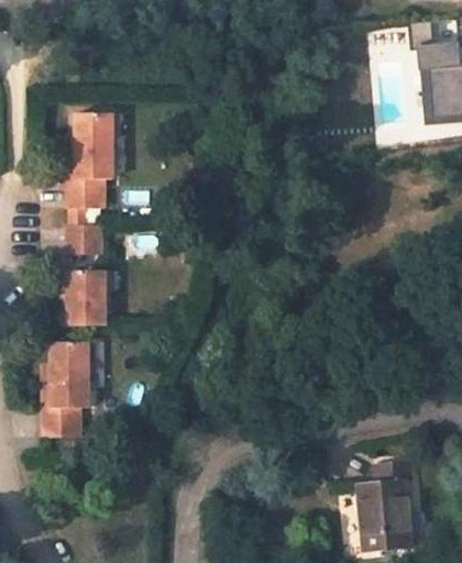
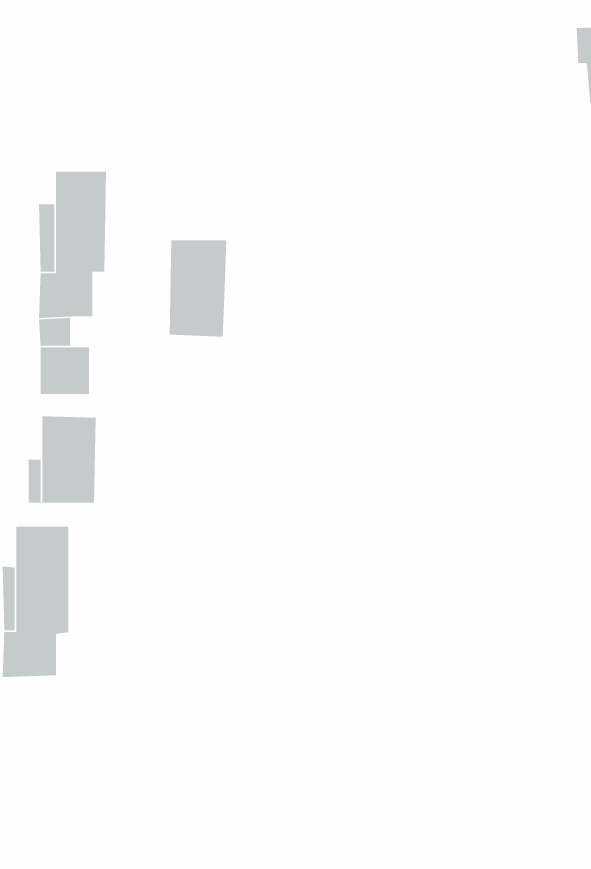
building: none -> [169,239,227,337]
building: [361,460,411,551] -> none

